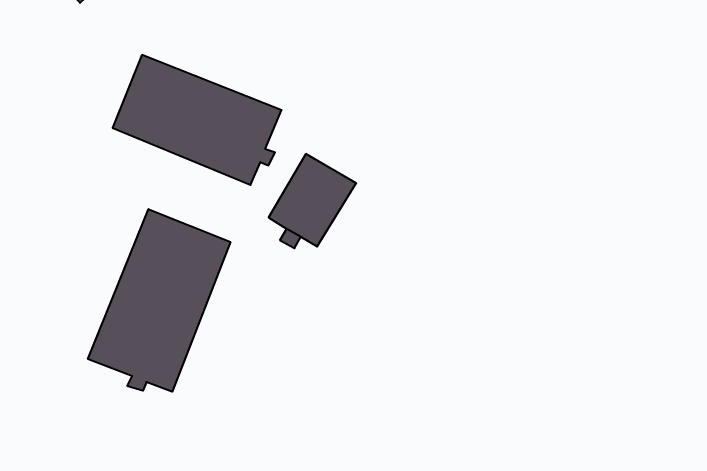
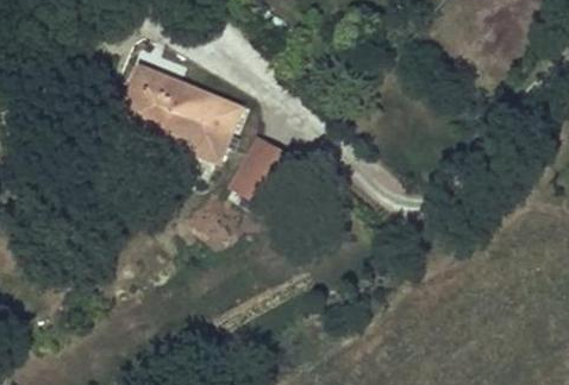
building: [88,209,230,392] -> none

